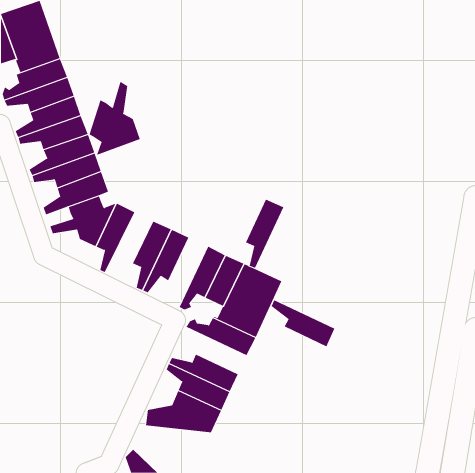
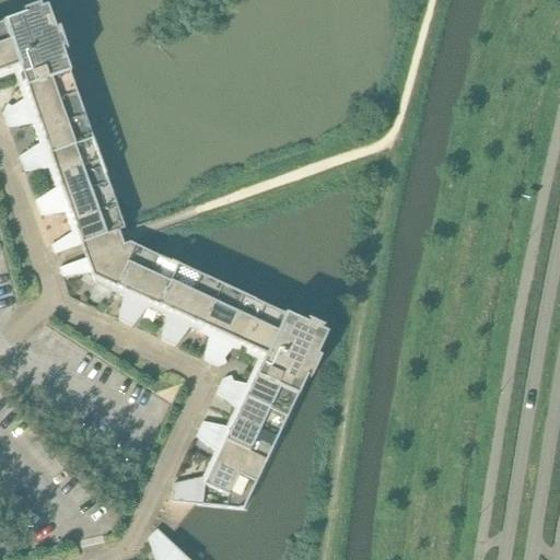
building: [89,81,141,156] -> none
building: [245,199,284,269] -> [199,279,245,361]
building: none -> [125,249,180,325]
building: [271,300,335,347] -> [215,384,291,440]

